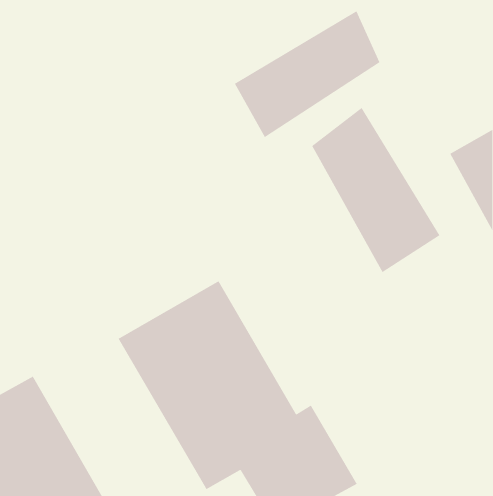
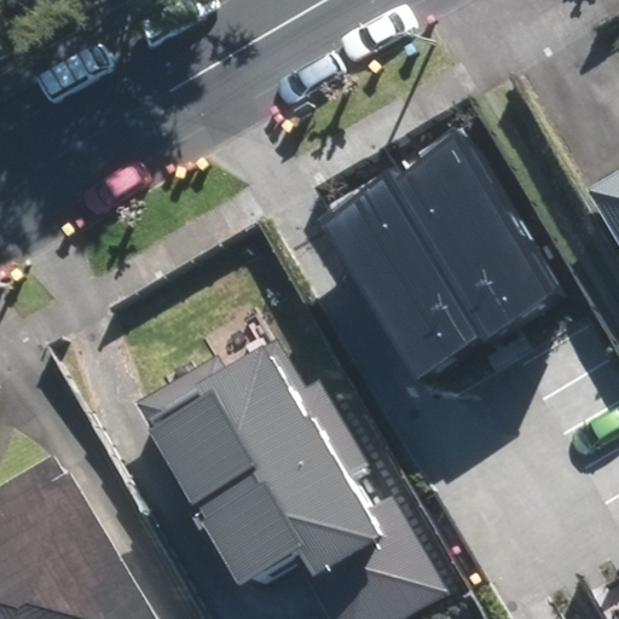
building: [234,10,380,138] -> none
building: none -> [310,173,475,381]

